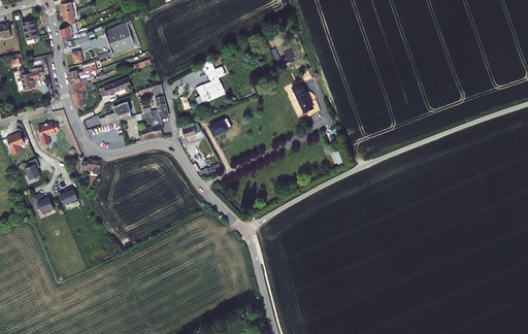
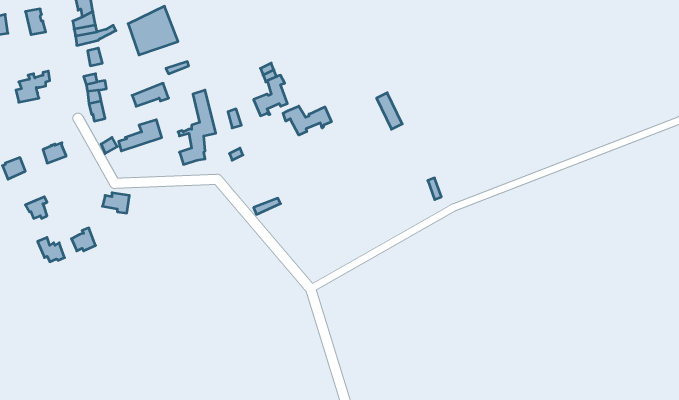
building: none -> [283,106,331,135]

